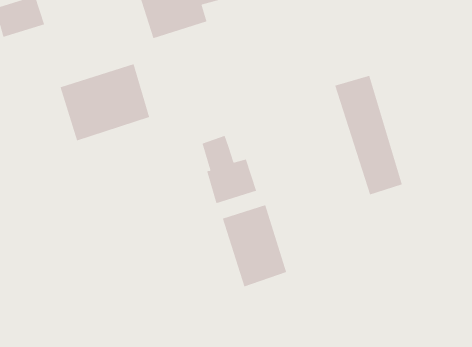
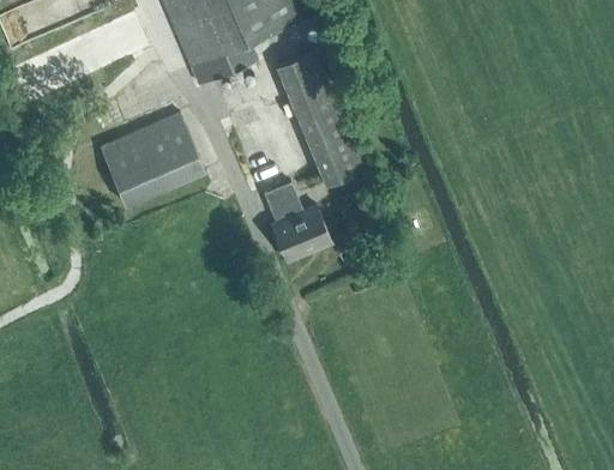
building: [334,75,403,196] -> [276,50,363,185]
building: [222,204,287,287] -> none

